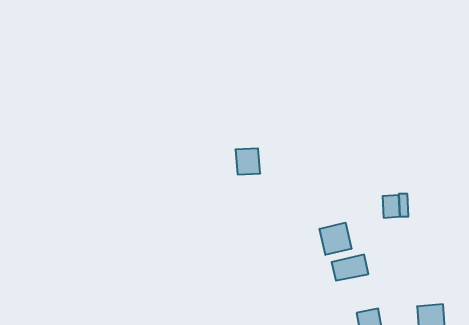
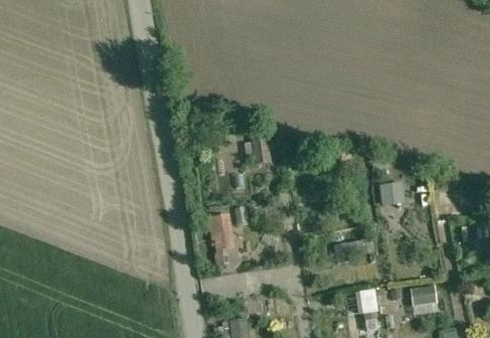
building: [320,223,351,255] -> none
building: none -> [210,214,233,264]

